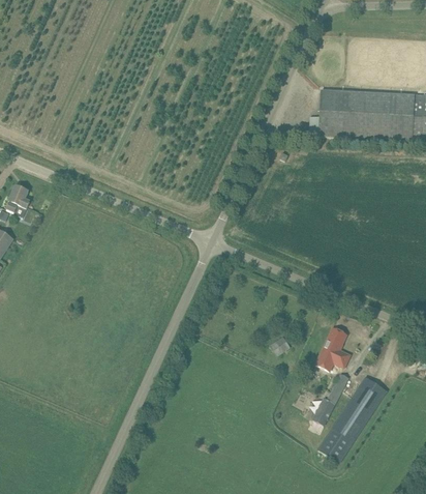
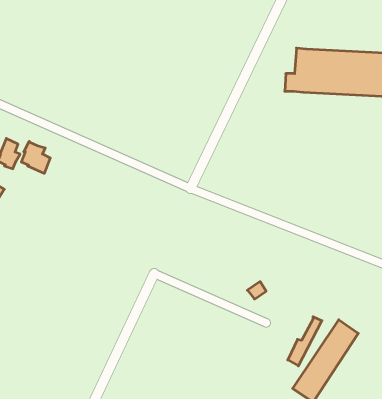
building: none -> [21,141,50,173]
building: [315,326,349,369] -> none

